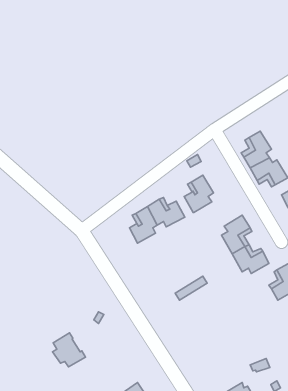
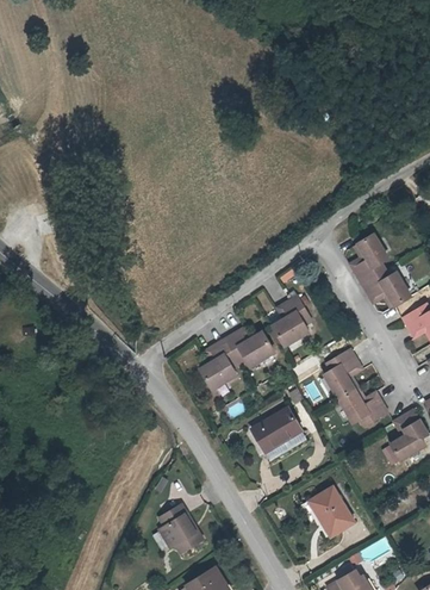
building: none -> [250,406,300,452]
building: none -> [309,486,354,536]
building: [52,333,85,367] -> [157,509,201,554]

